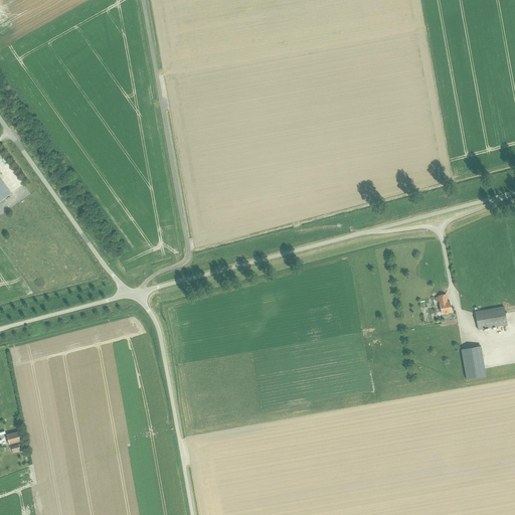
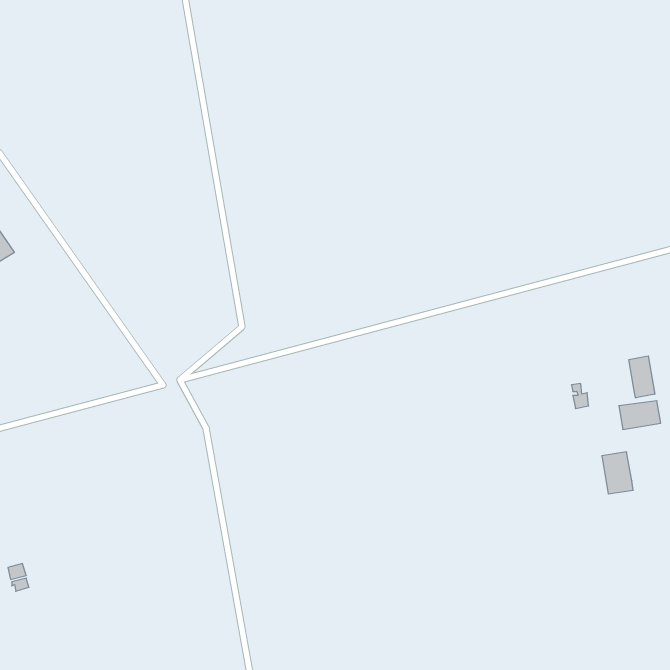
building: none -> [629,356,655,398]

